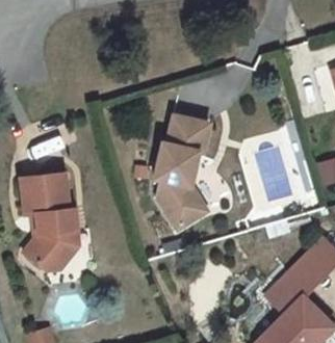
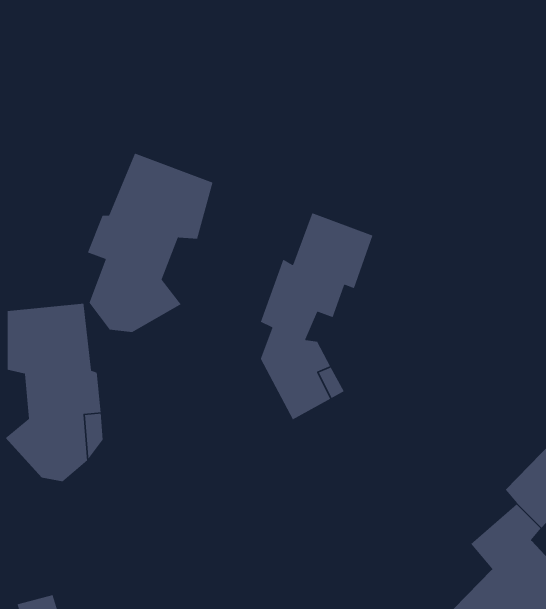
building: none -> [87,153,214,333]

